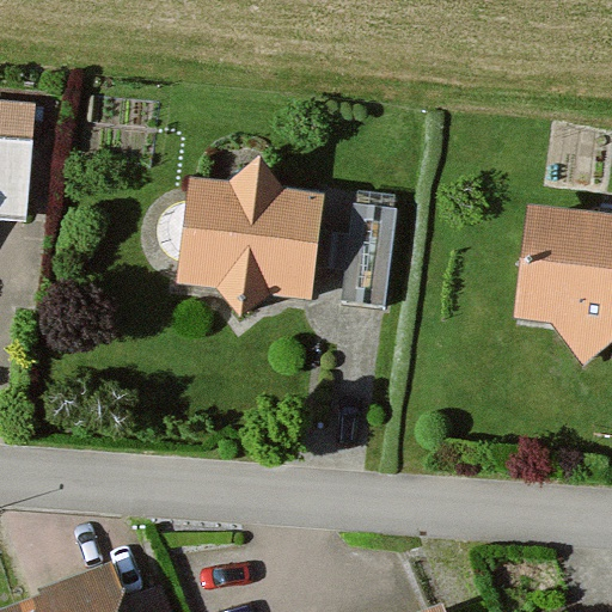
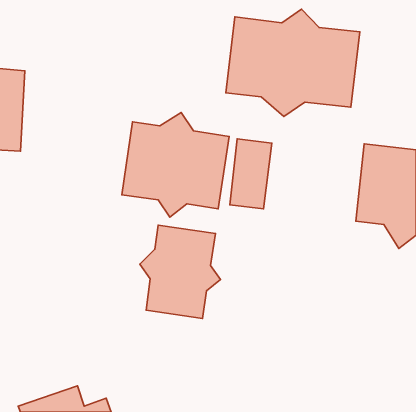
building: none -> [226,9,360,116]
building: none -> [140,225,220,319]

